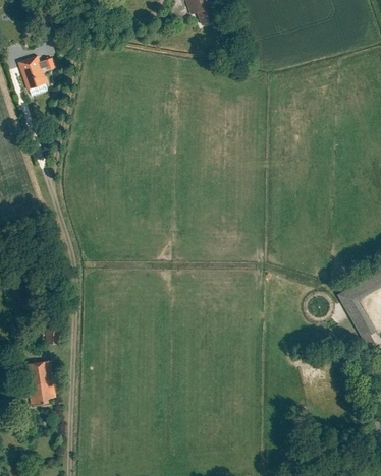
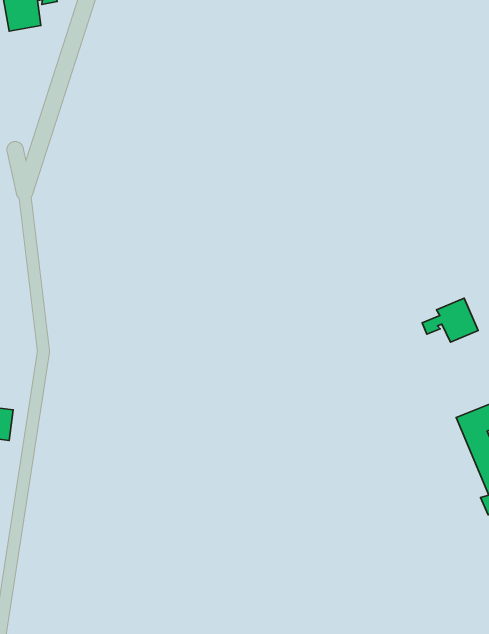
building: none -> [422,298,478,342]

